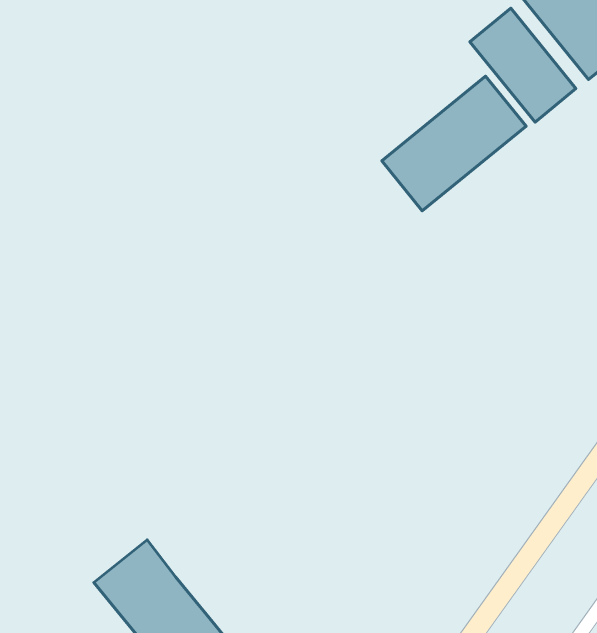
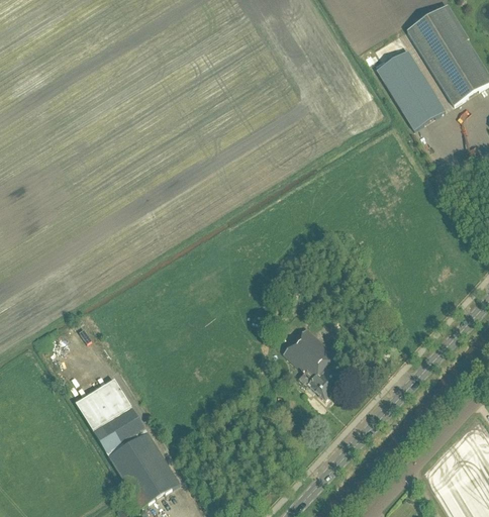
building: [382,76,526,211] -> none
building: none -> [283,327,341,400]

